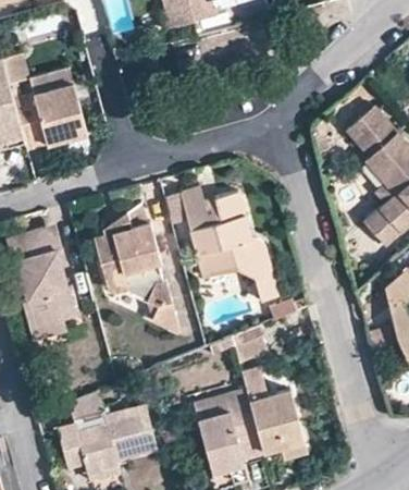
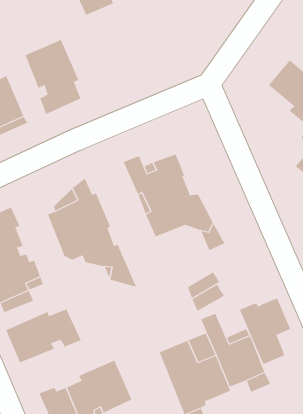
building: none -> [25,39,81,115]
building: none -> [5,308,81,363]
building: none -> [239,298,291,365]

